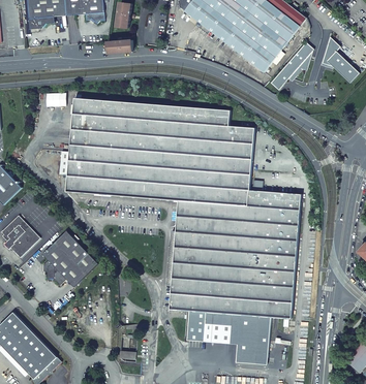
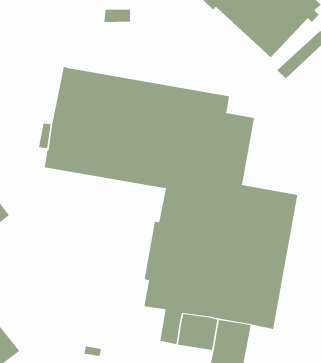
building: [41,230,97,287] -> none

